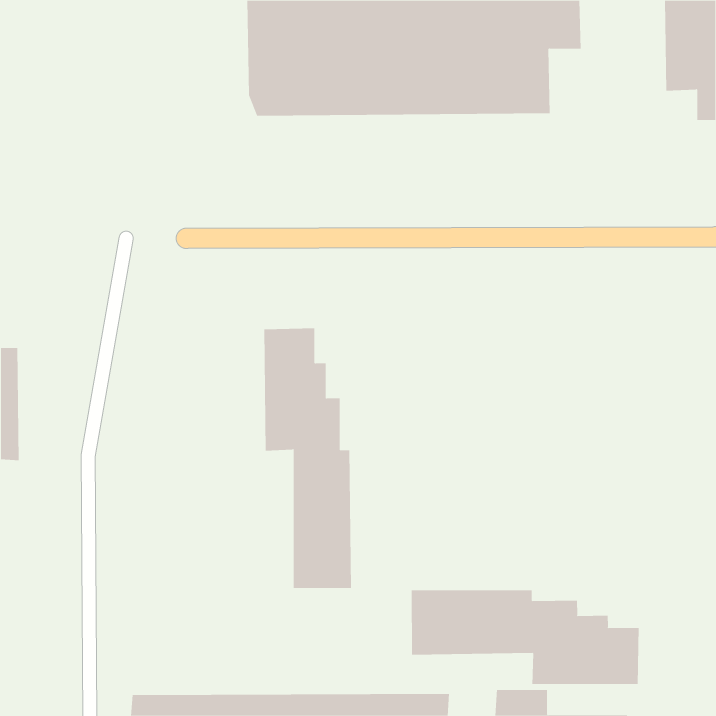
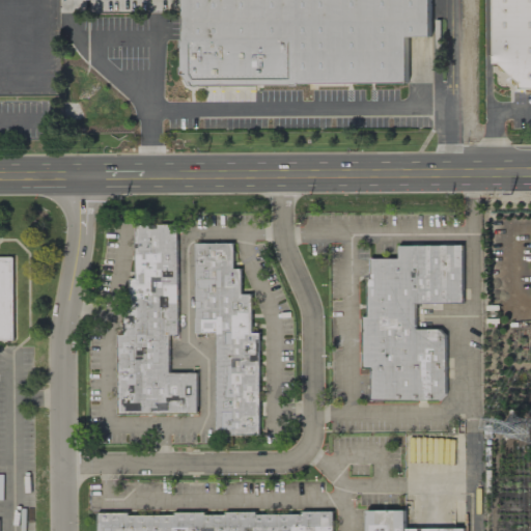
building: none -> [118,225,198,415]
building: none -> [363,246,463,400]
building: [411,589,639,685] -> none

